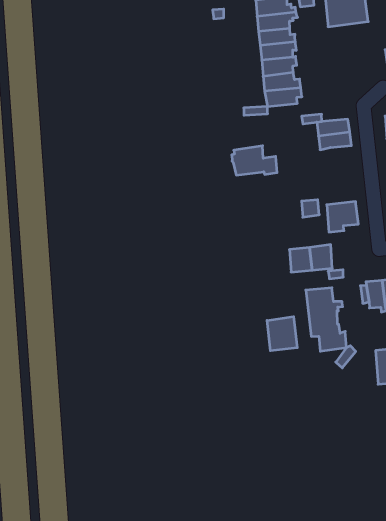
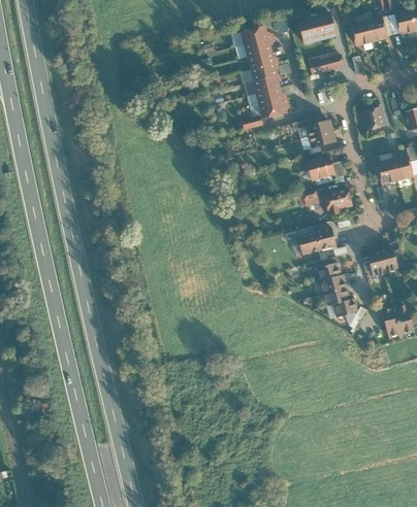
building: none -> [309,54,345,76]
building: [232,146,277,175] -> [304,155,345,182]
building: [267,317,297,351] -> none

